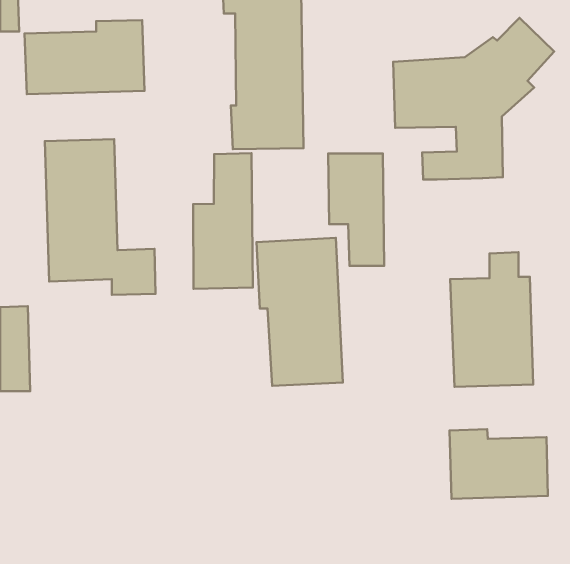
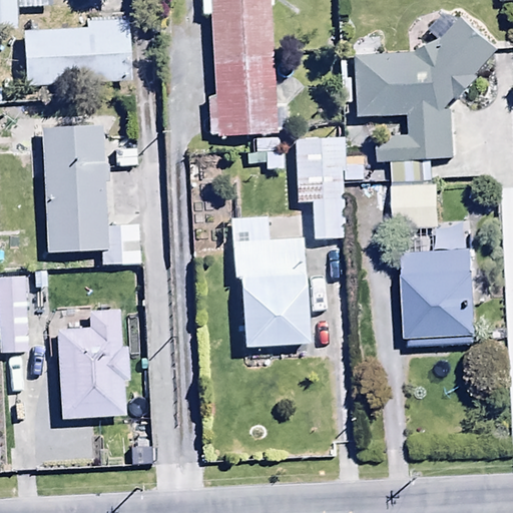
building: [193,153,253,289] -> none
building: none -> [393,159,440,223]
building: none -> [59,311,129,417]
building: [450,429,548,499] -> none

